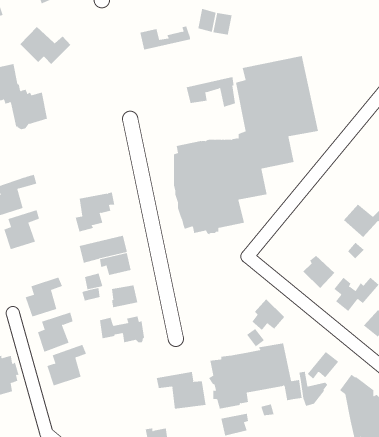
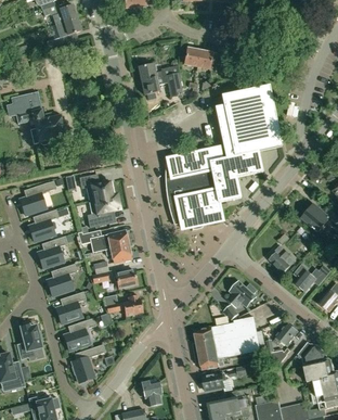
building: [20,26,71,65] -> none
building: [186,77,236,108] -> [142,73,182,98]
building: none -> [79,175,113,201]
building: none -> [38,237,67,268]
building: [156,371,206,409] -> none
building: none -> [72,344,105,383]

